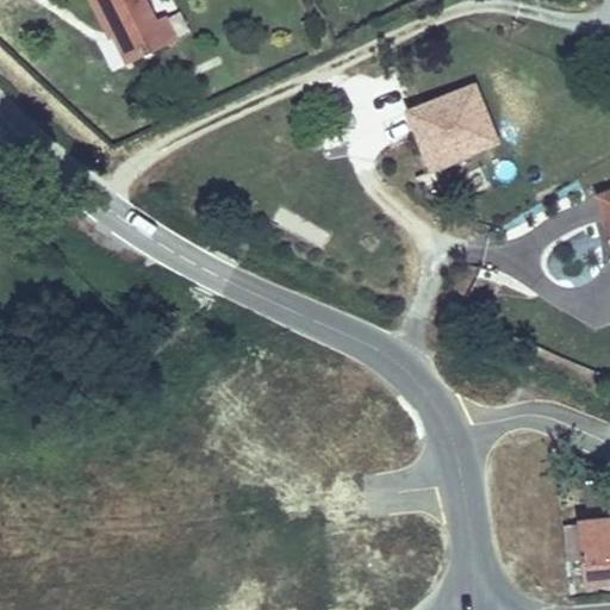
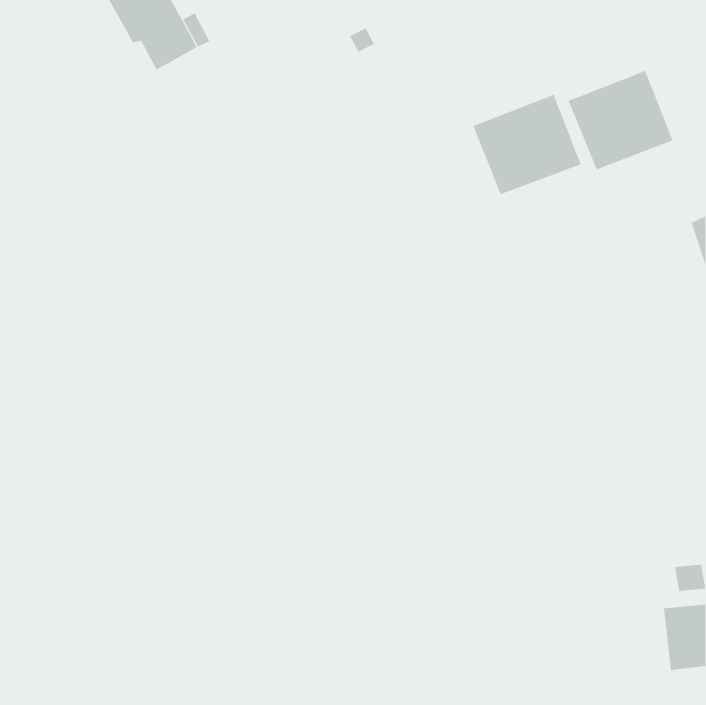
building: none -> [568,70,673,170]

